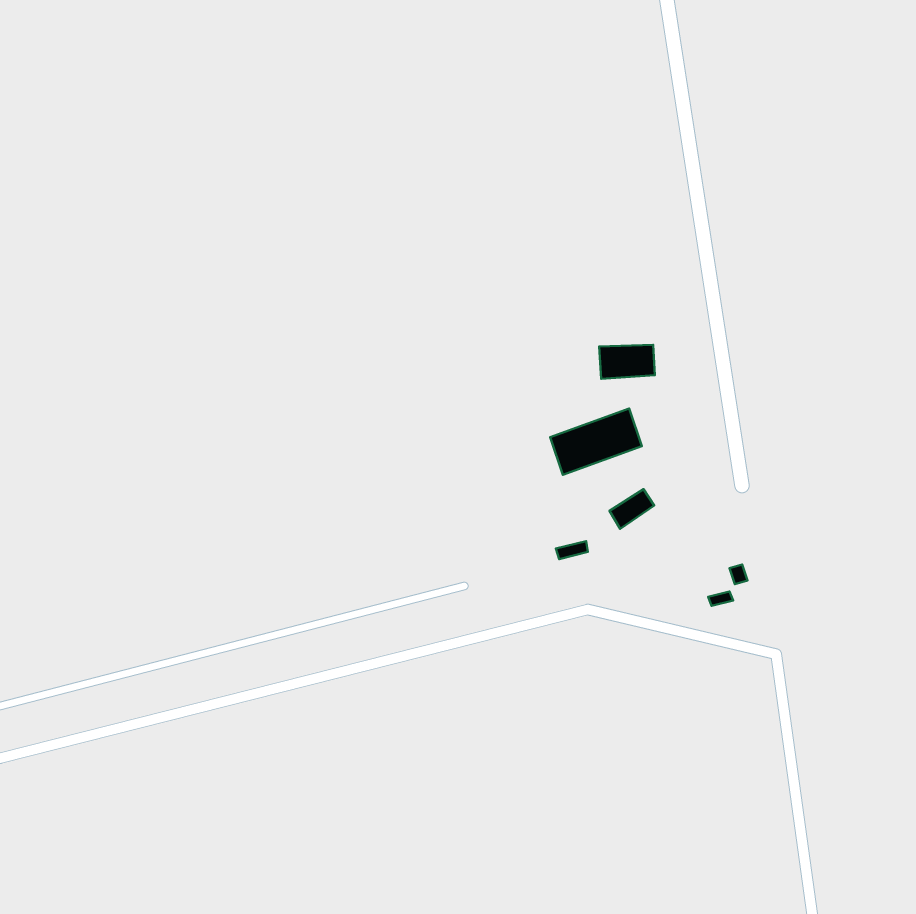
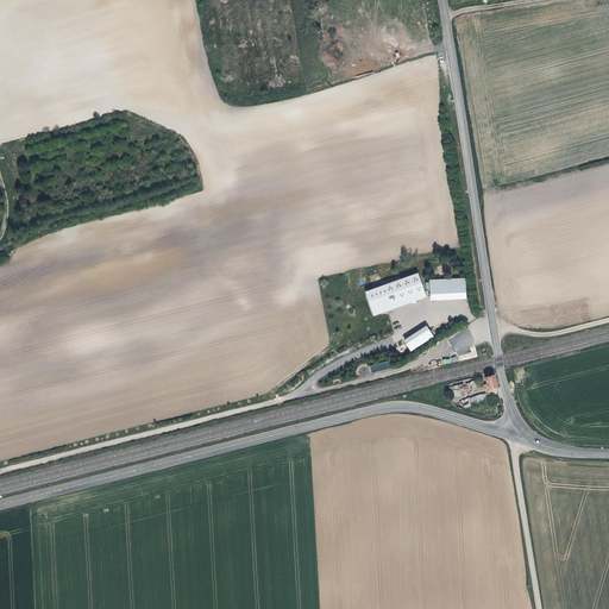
building: [599,345,655,379] -> [429,277,466,300]

